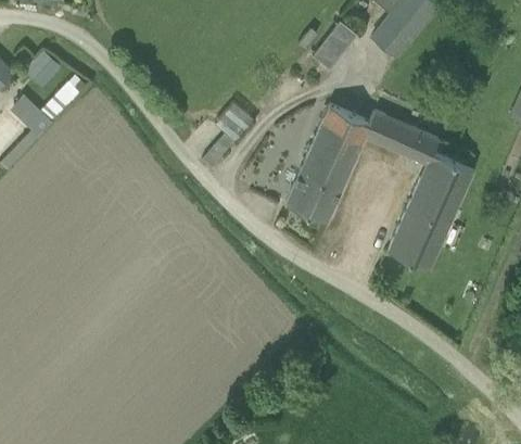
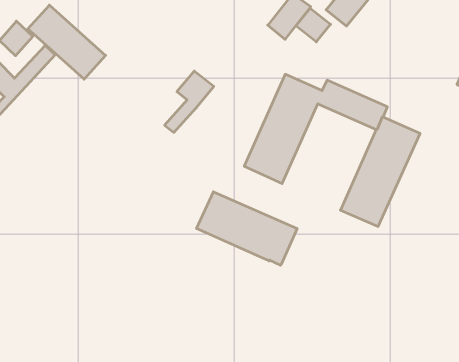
building: none -> [28,5,106,79]
building: none -> [296,8,331,42]
building: none -> [197,192,297,265]

